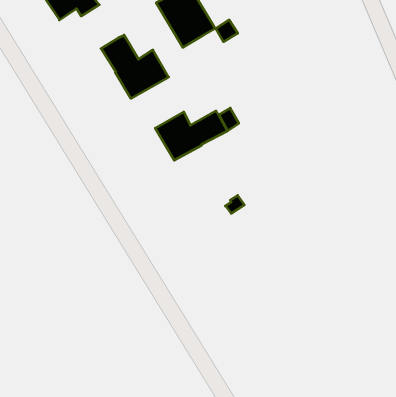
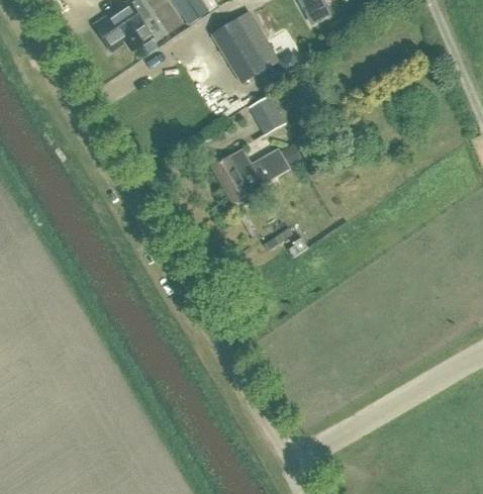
building: [101,35,169,98] -> none
building: none -> [249,95,285,134]

